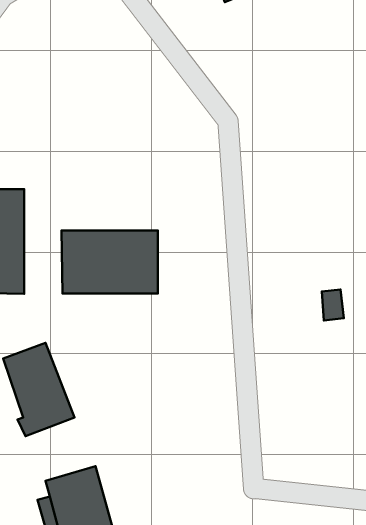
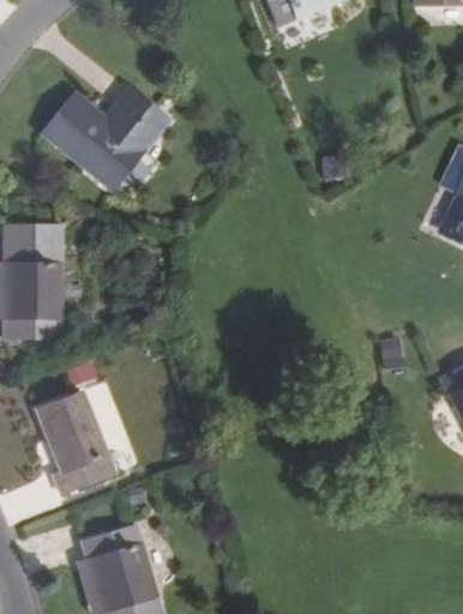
building: none -> [42,89,169,189]
building: [62,230,158,293] -> none

